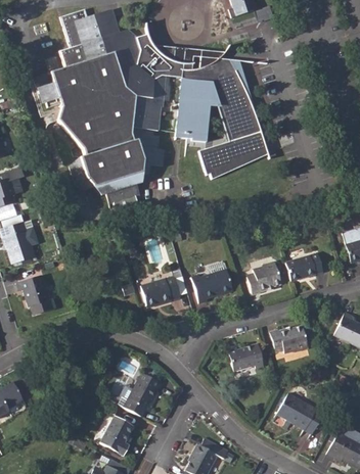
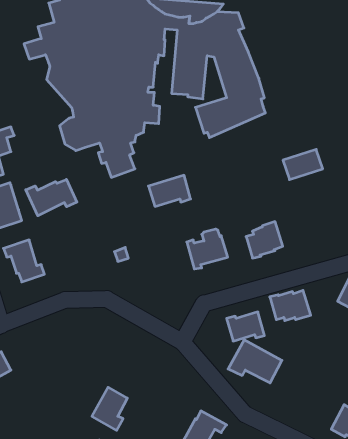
building: none -> [26,179,77,216]
building: [285,253,323,282] -> [283,149,323,180]
building: [140,276,180,305] -> [148,175,191,206]
building: [128,374,163,411] -> none
building: [273,393,324,434] -> [228,340,282,383]

